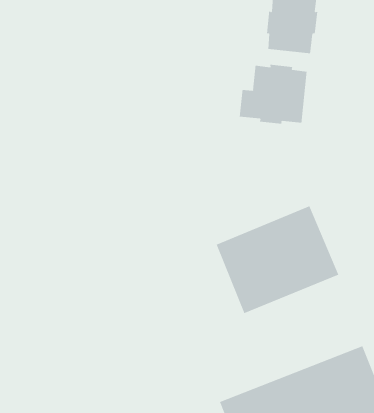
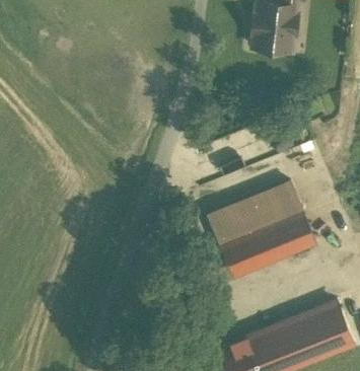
building: [239,64,307,124] -> none

